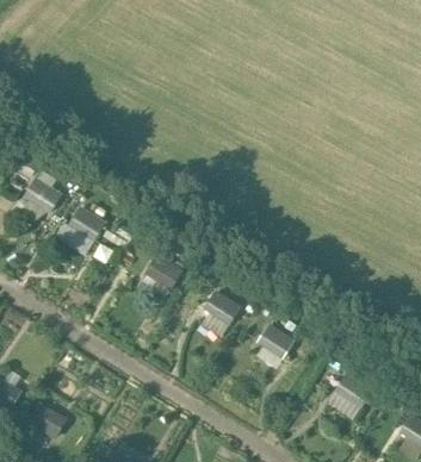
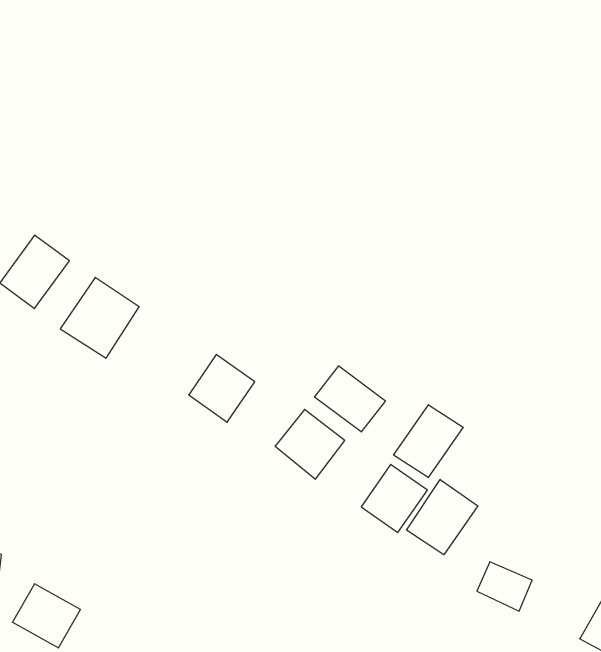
building: none -> [315,366,385,432]
building: none -> [394,405,463,478]
building: none -> [407,479,478,555]

